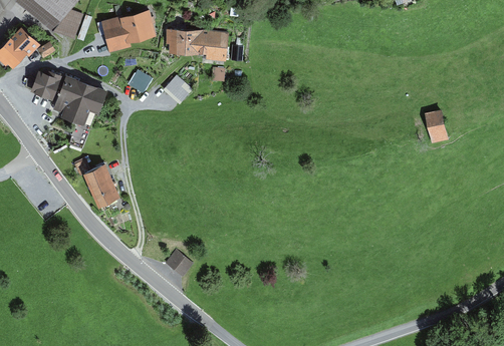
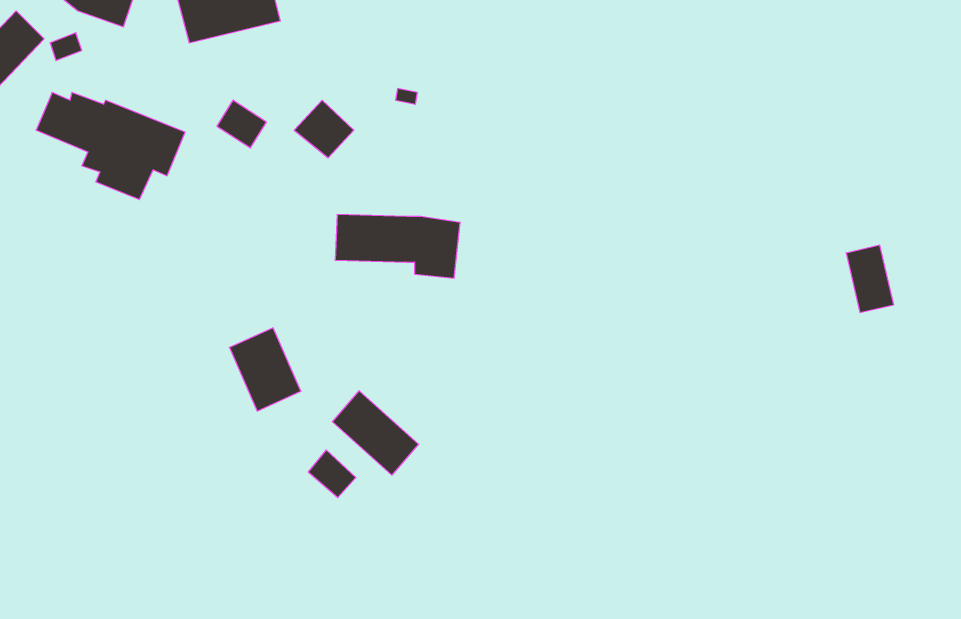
building: [167,29,230,61] -> [335,214,460,278]
building: [425,109,449,143] -> [846,245,894,313]
building: [83,163,119,206] -> [229,328,301,411]
building: none -> [332,391,418,475]

